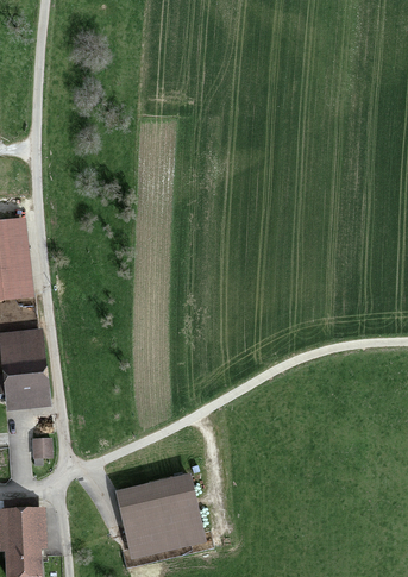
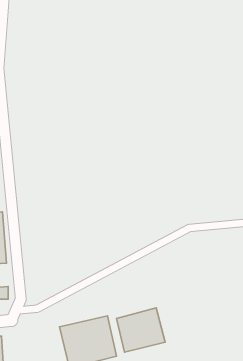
building: none -> [116,308,165,352]

